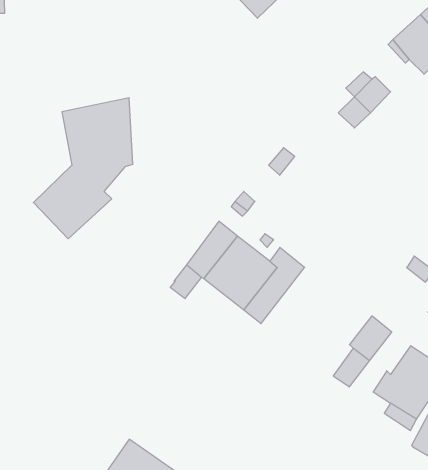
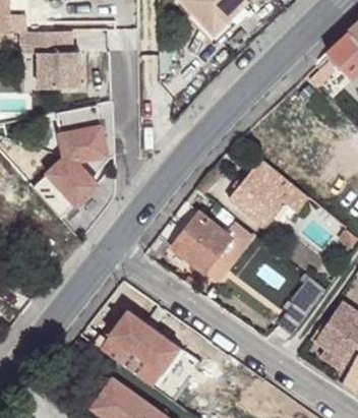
building: none -> [19,29,79,86]
building: none -> [228,159,309,227]
building: none -> [100,311,180,386]

